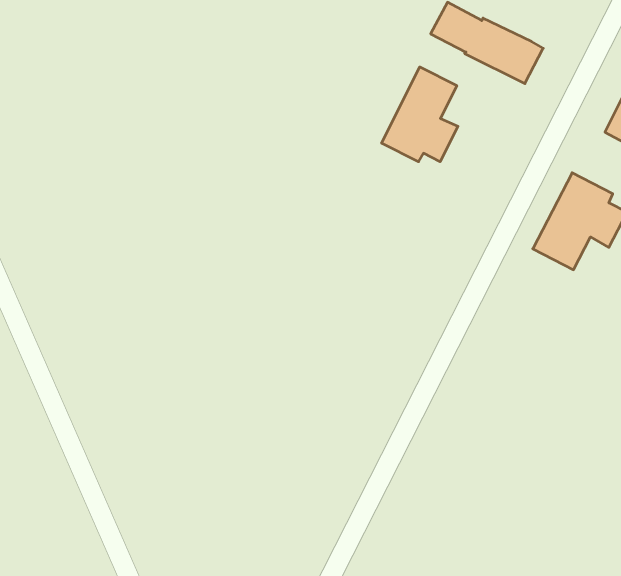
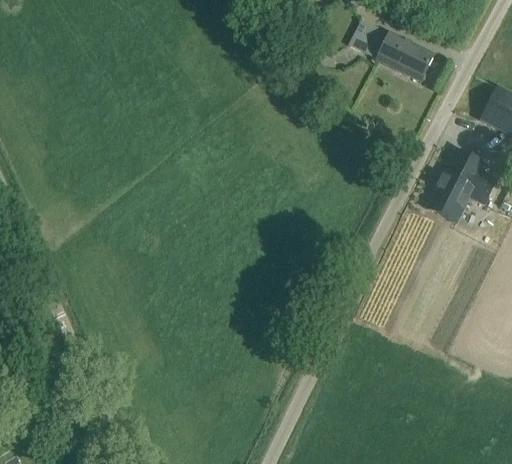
building: [382,67,458,162] -> none

